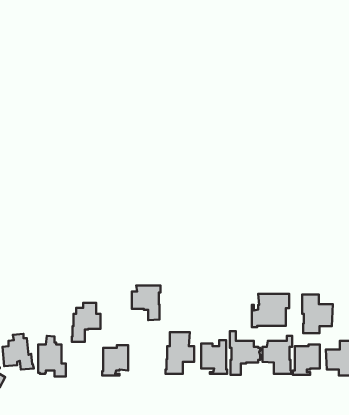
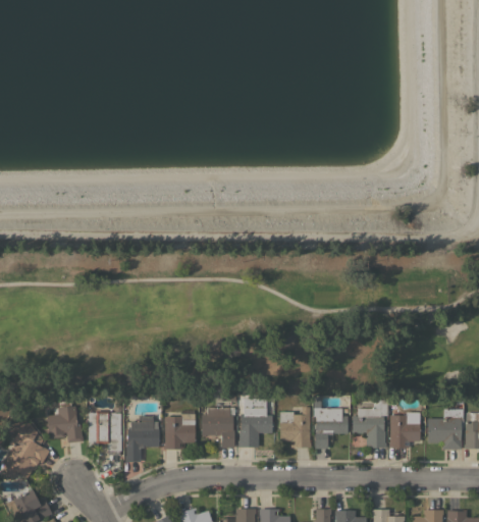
building: [132,286,160,320] -> [202,408,235,449]
building: [252,294,289,327] -> none
building: [302,294,333,333] -> none
building: [72,303,100,342] -> [125,416,159,462]

